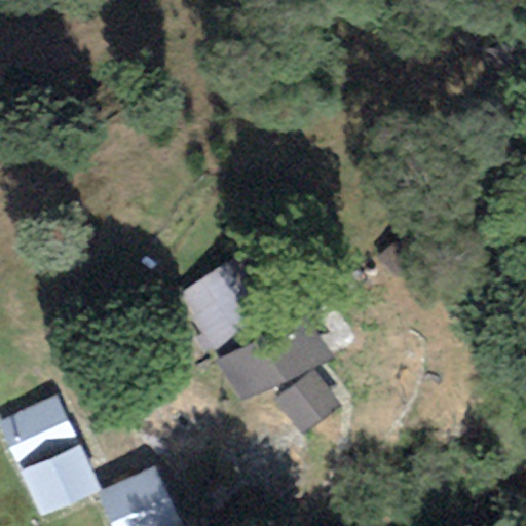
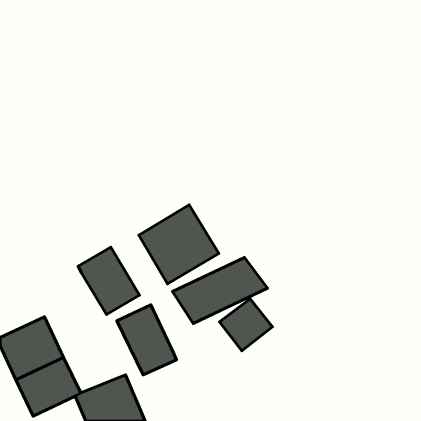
building: none -> [78,247,140,315]
building: none -> [117,305,176,375]

